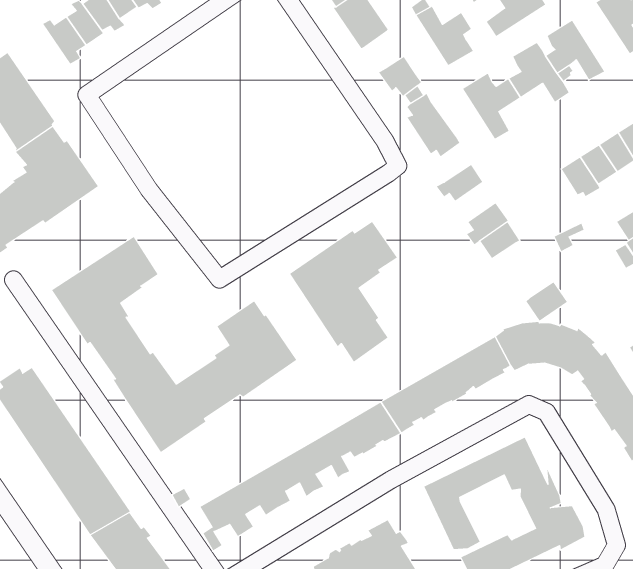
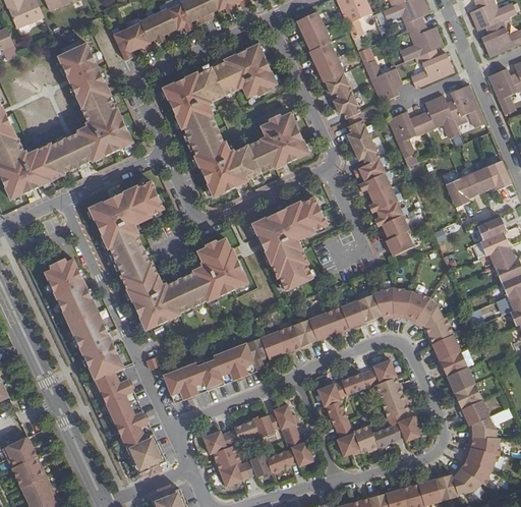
building: none -> [161,45,307,199]
building: none -> [326,71,353,97]
building: none -> [353,156,387,180]
building: none -> [369,184,399,212]
building: [525,282,568,322] -> [386,229,414,255]

